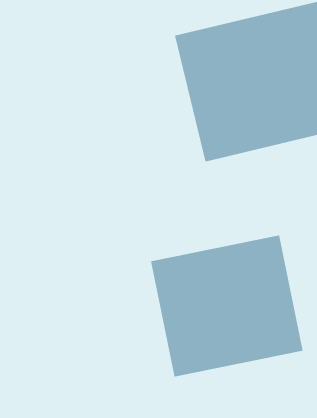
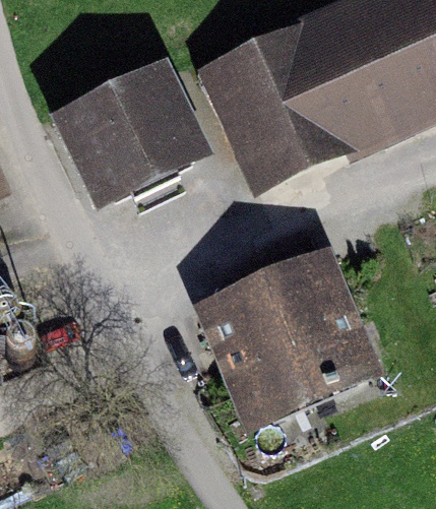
building: none -> [63,67,212,206]

